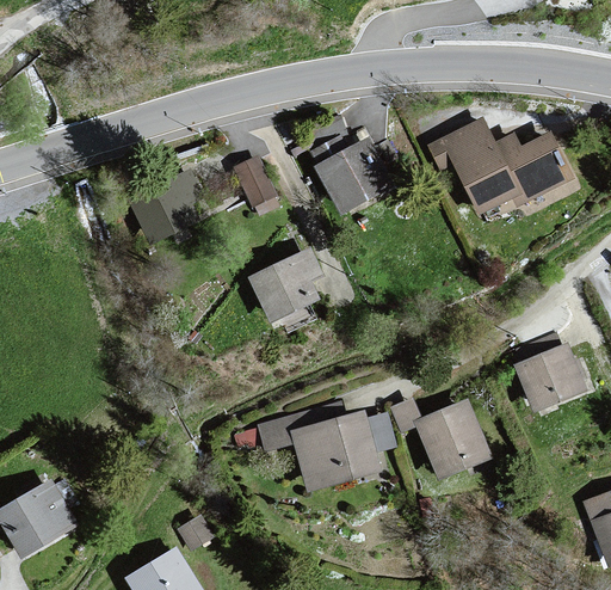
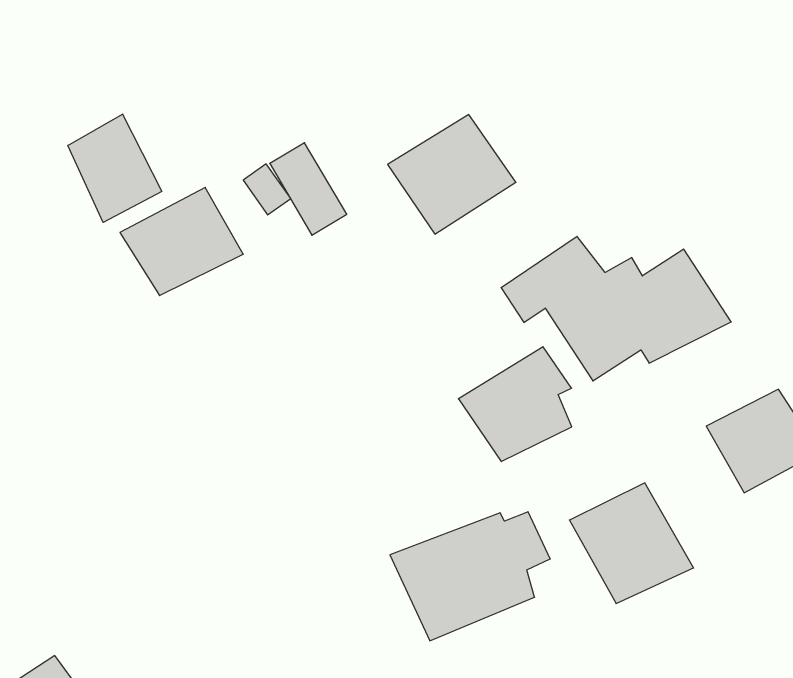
building: none -> [68,114,162,222]
building: [424,116,578,215] -> [501,236,731,381]
building: [248,247,326,322] -> [458,347,572,462]

